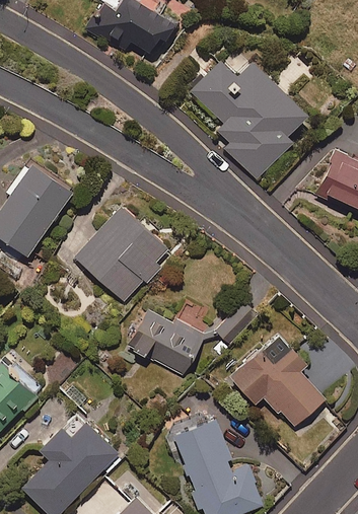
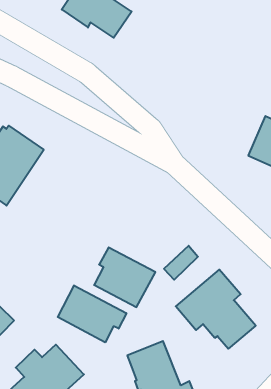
building: [189,59,307,179] -> none
building: [75,207,169,303] -> none
building: none -> [58,285,126,342]

